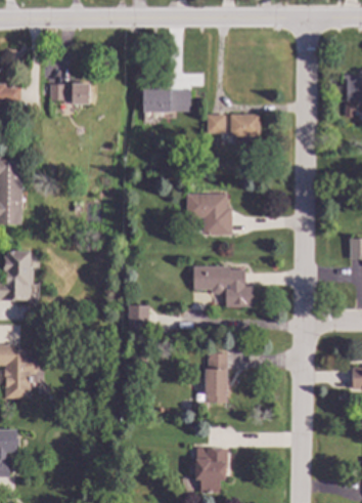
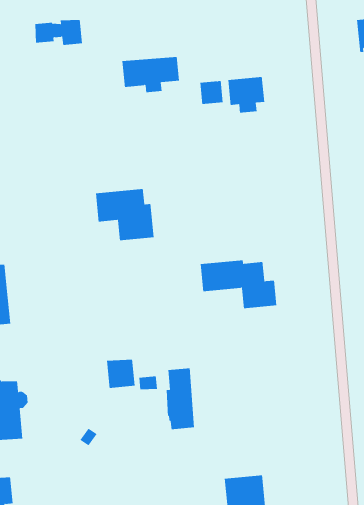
building: [49,83,89,104] -> [35,19,83,46]
building: [186,194,232,236] -> [95,188,154,241]
building: [127,304,149,328] -> [106,359,135,388]
building: [203,352,227,403] -> [166,368,195,430]

